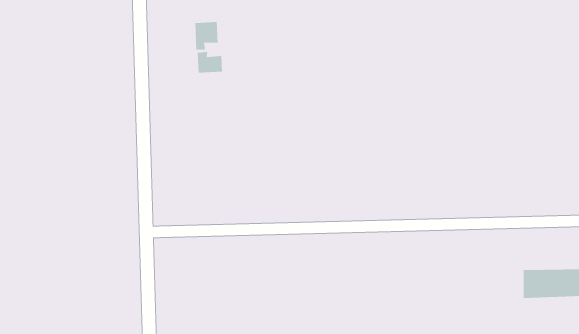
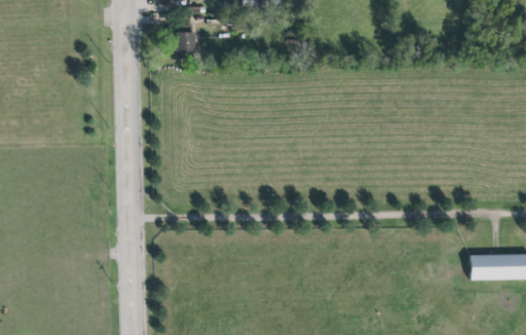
building: [197,51,223,73] -> none

